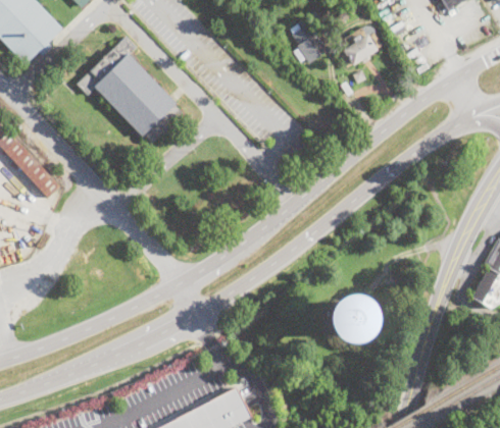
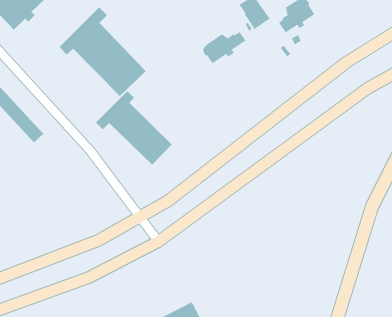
building: none -> [202,31,246,64]
building: none -> [95,90,172,166]
building: [329,292,378,341] -> none

